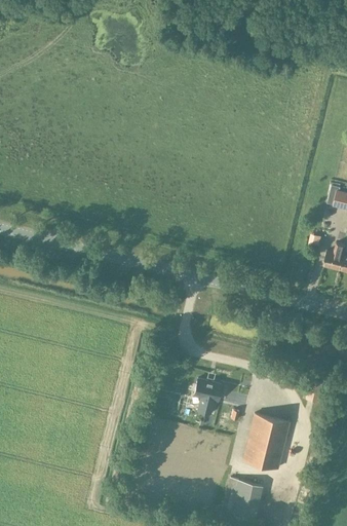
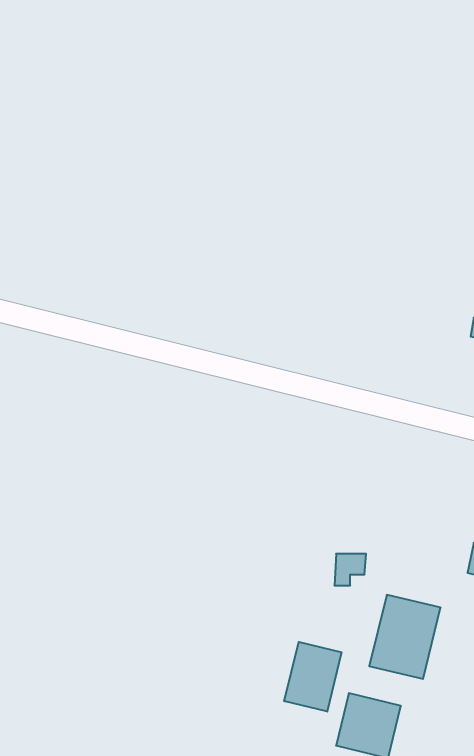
building: [194,376,222,412] -> none
building: none -> [284,642,342,712]

